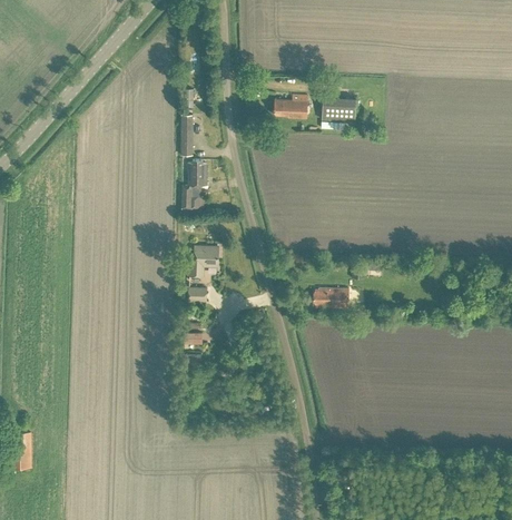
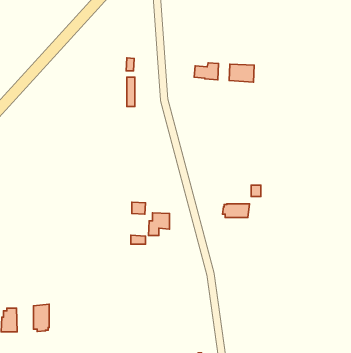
building: [181,159,208,213] -> none
building: [189,245,218,276] -> [148,213,170,236]
building: none -> [34,304,49,332]

